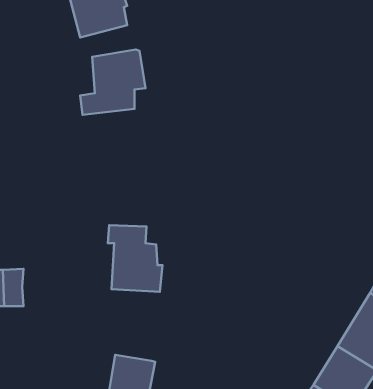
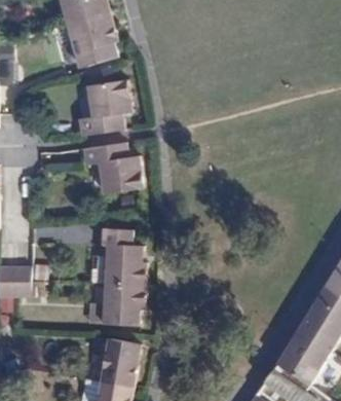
building: none -> [82,142,143,193]
building: none -> [104,283,146,325]

